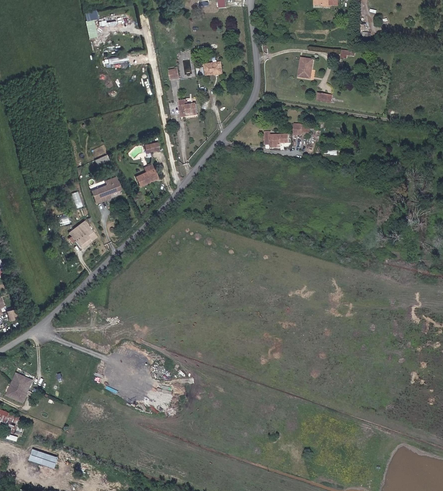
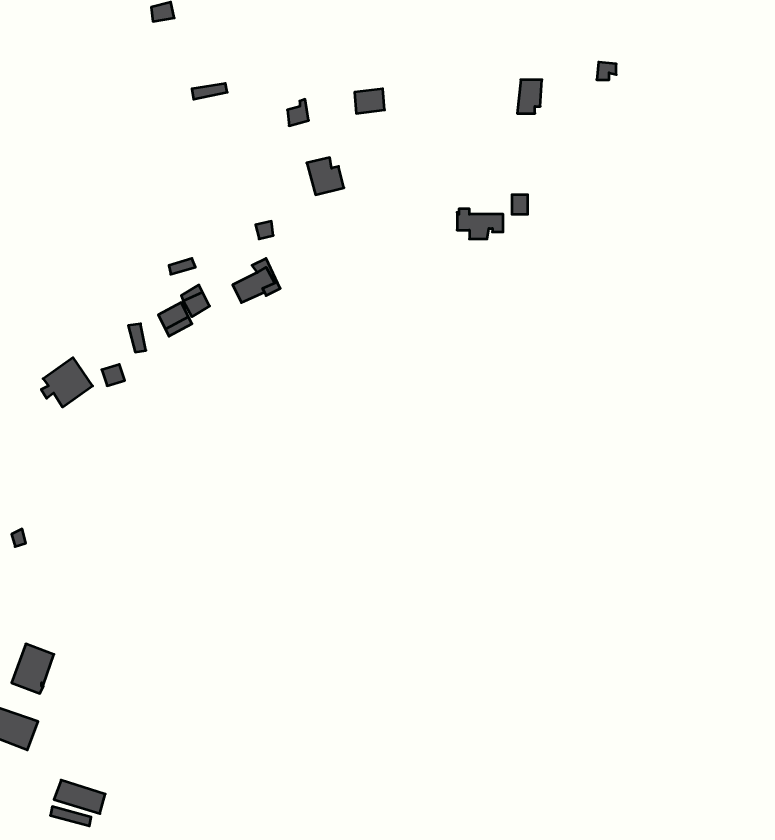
building: [72,218,101,246] -> [41,358,93,407]

